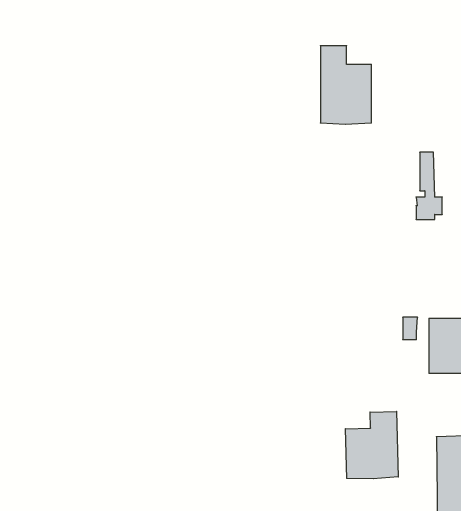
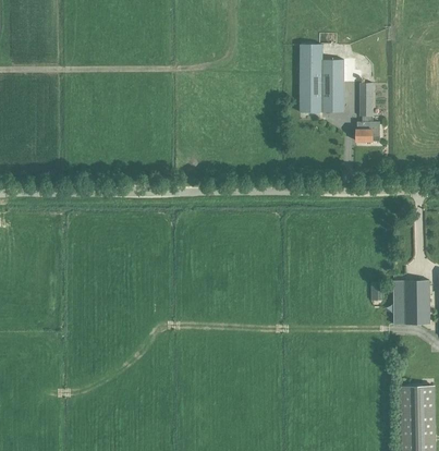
building: [416,152,442,219] -> [355,82,378,141]
building: [345,411,398,479] -> none

